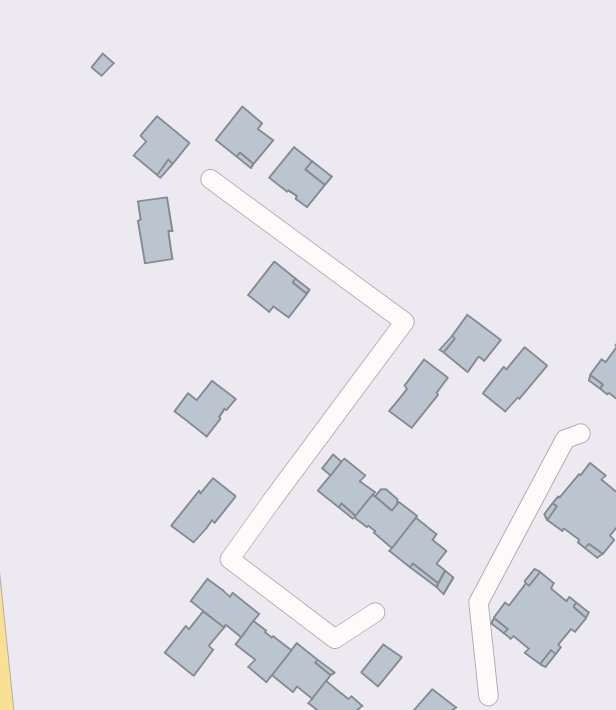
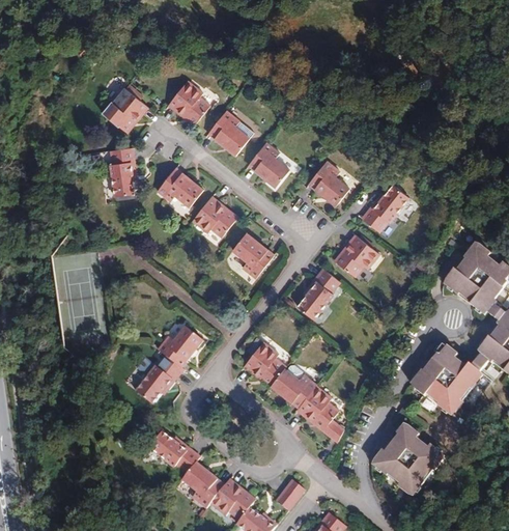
building: none -> [248,142,289,187]
building: none -> [308,161,349,205]
building: none -> [158,167,203,206]
building: none -> [232,232,274,278]
building: [483,347,547,412] -> [362,184,409,231]
building: [174,381,236,437] -> [158,327,203,368]
building: [165,611,224,676] -> none

